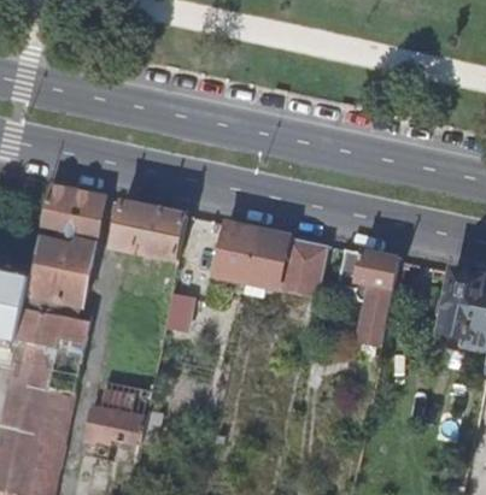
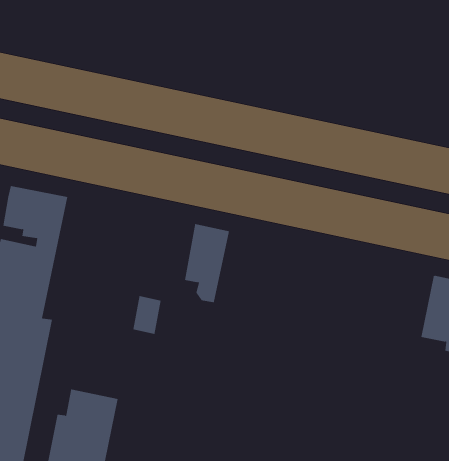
building: [112,200,187,259] -> none
building: [242,229,328,304] -> none
building: [338,248,398,344] -> none

